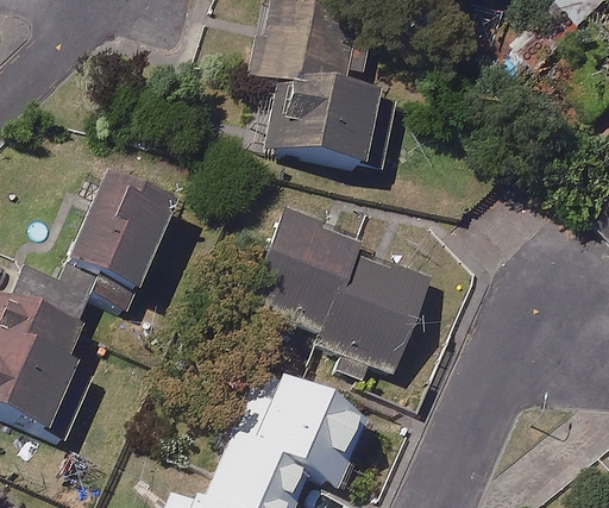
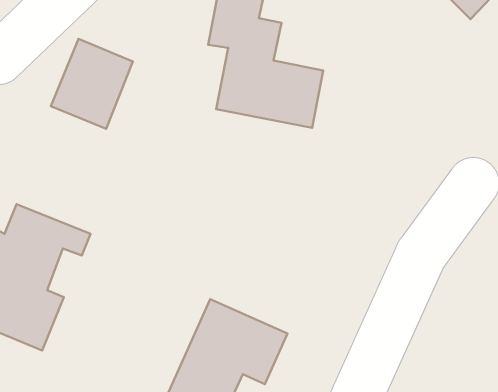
building: [69,183,168,291] -> [51,39,133,129]
building: [251,215,428,359] -> none

